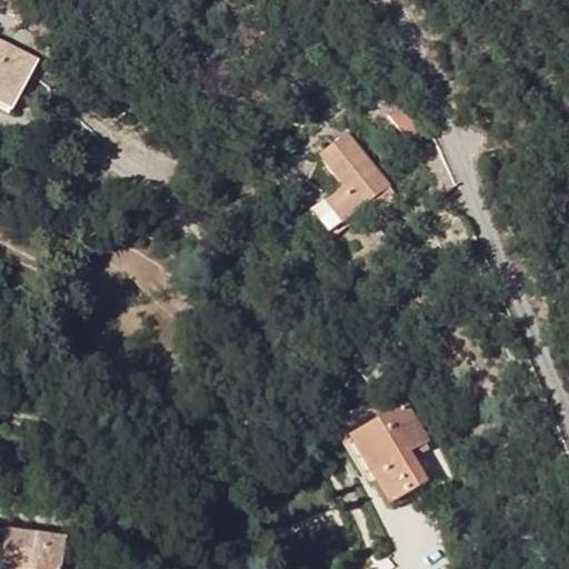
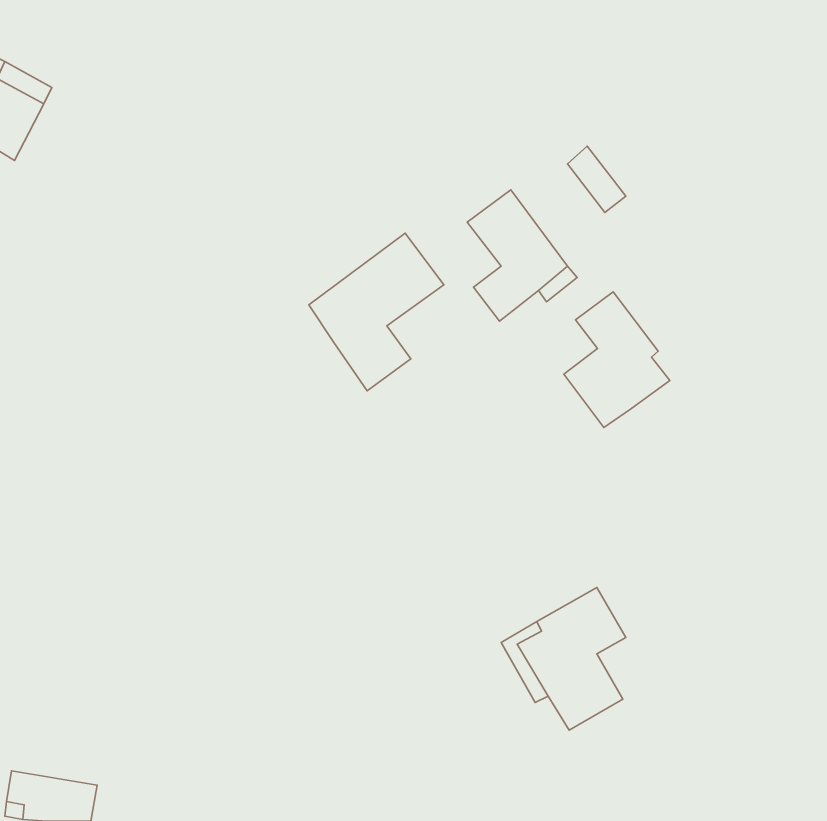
building: none -> [309,233,444,391]
building: none -> [564,292,670,428]

